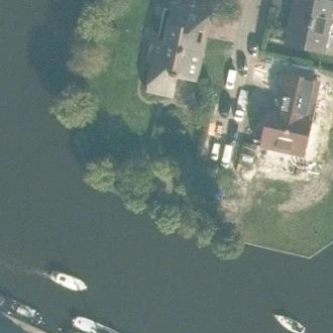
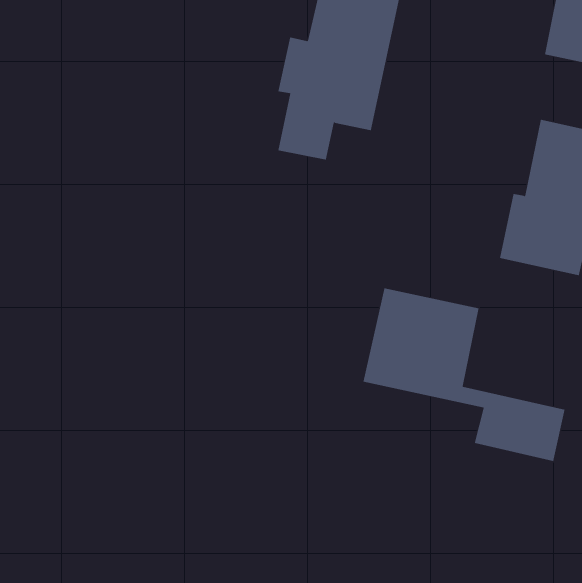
building: none -> [363,287,565,462]

